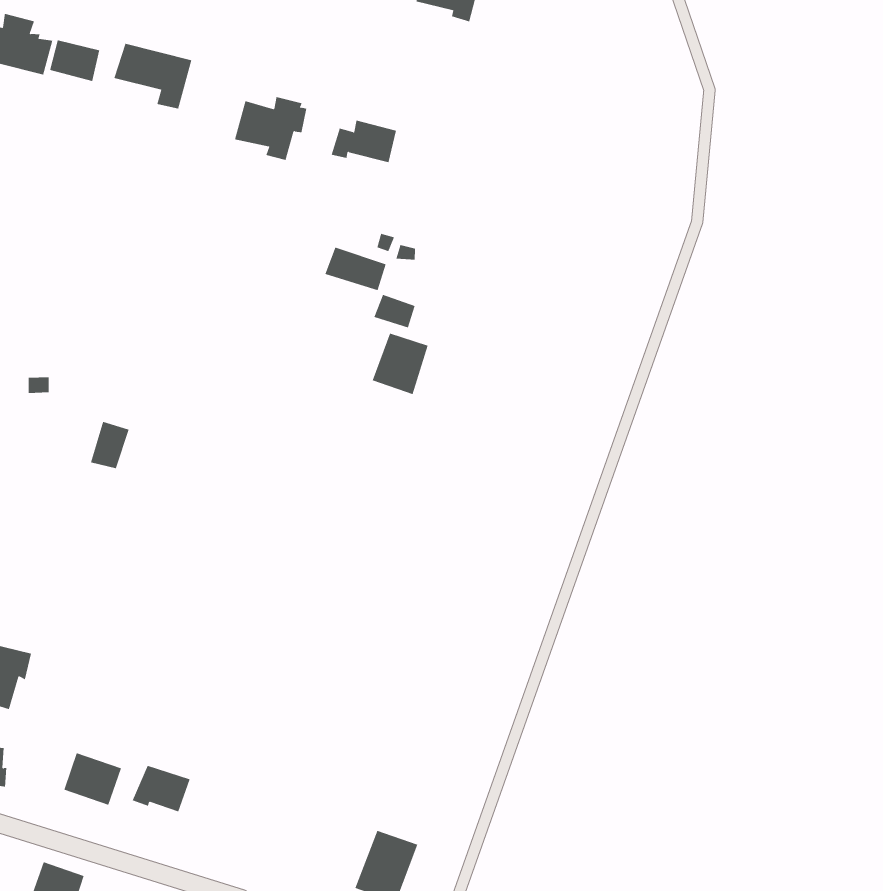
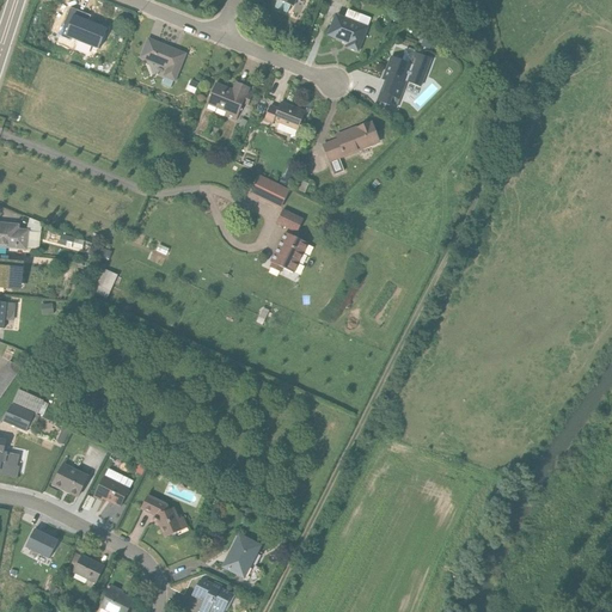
building: none -> [380,54,430,98]
building: [49,40,100,82] -> none
building: none -> [322,120,379,161]
building: none -> [140,492,188,537]

